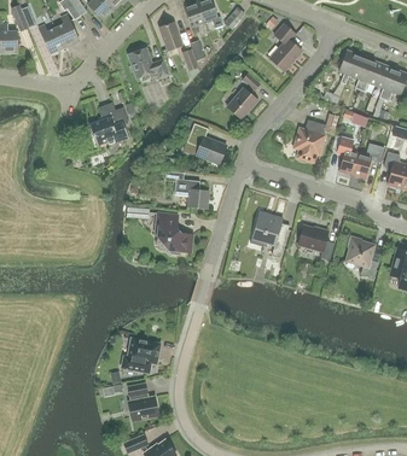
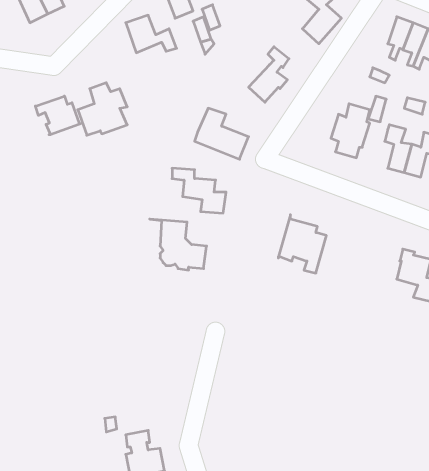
building: none -> [35,96,83,135]
building: [298,226,335,261] -> none
building: [122,338,161,373] -> none

